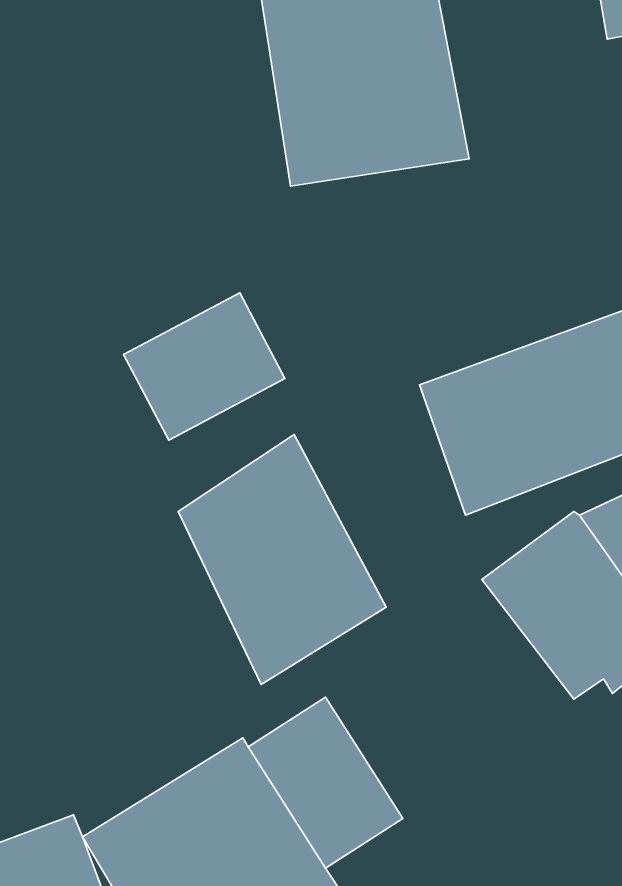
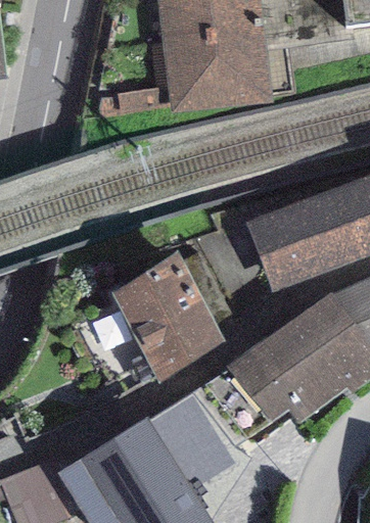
building: [124,293,285,440] -> none
building: none -> [228,330,331,423]

